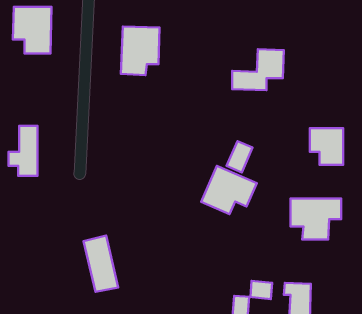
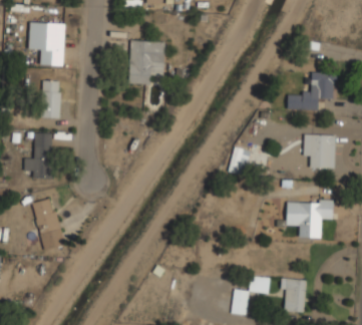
building: [232,49,284,90] -> [287,72,335,110]
building: none -> [42,80,60,117]
building: [201,166,257,214] -> none
building: [84,236,118,292] -> [32,198,64,250]

